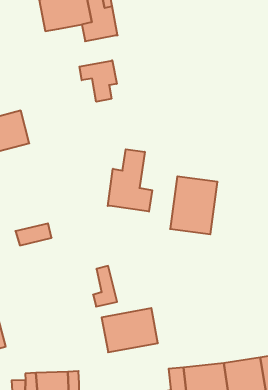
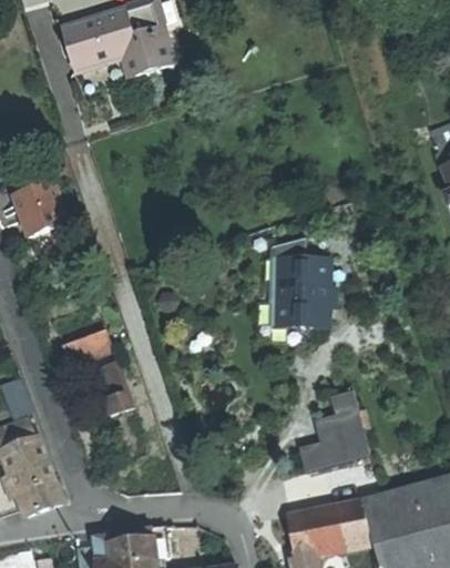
building: [79,60,117,102] -> none
building: [108,149,152,212] -> none
building: [93,266,117,307] -> [100,361,133,417]
building: [102,308,158,352] -> [293,408,372,474]

